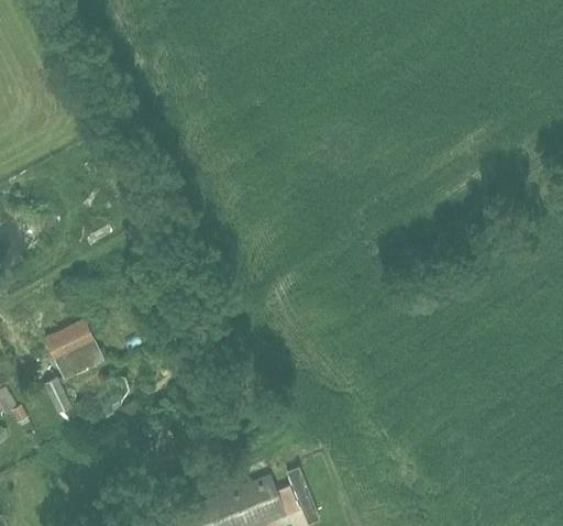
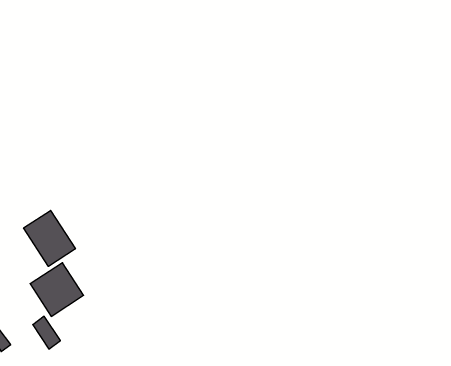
building: none -> [24,210,75,266]

